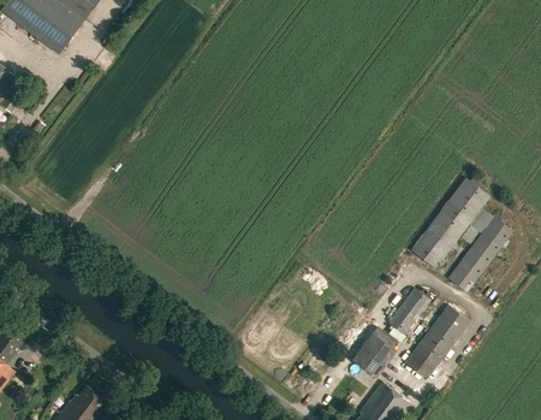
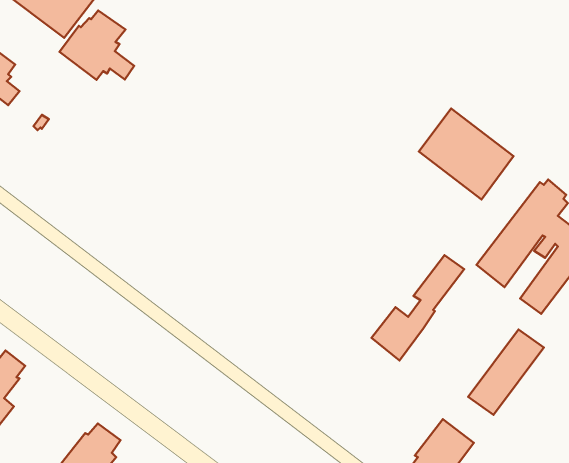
building: none -> [59,10,134,80]
building: none -> [419,108,514,199]
building: [352,286,432,377] -> [372,255,464,360]

